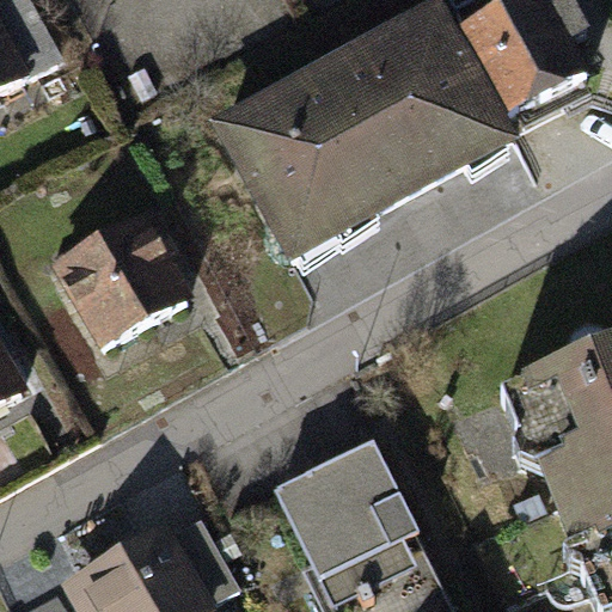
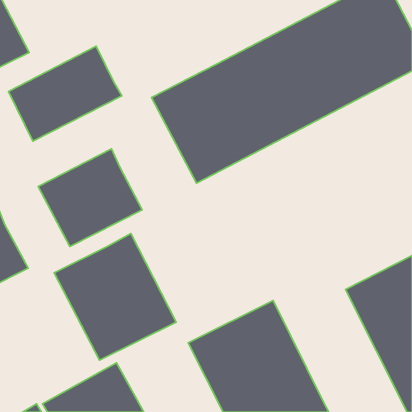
building: none -> [9,46,122,141]
building: none -> [54,233,176,360]

